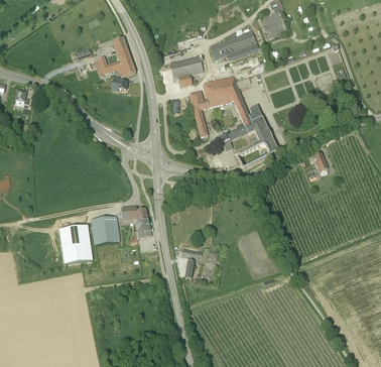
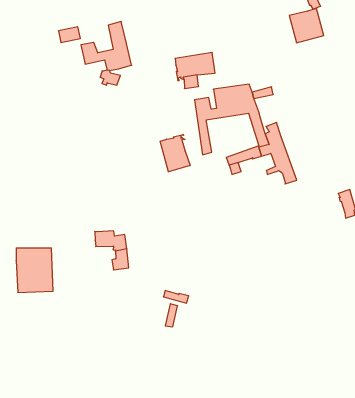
building: [210,30,259,62] -> none
building: none -> [160,134,190,172]
building: [91,216,120,245] -> none

